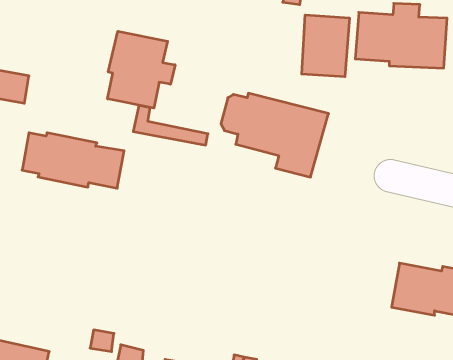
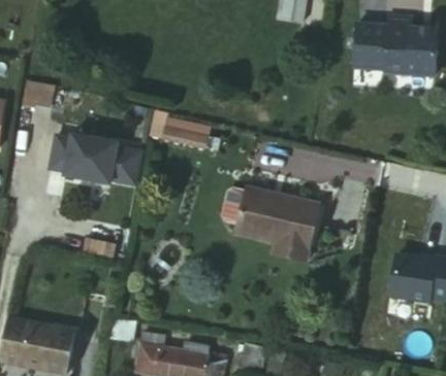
building: [302,15,349,77] -> none
building: [108,31,175,108] -> none
building: [221,93,329,177] -> [223,183,321,260]

